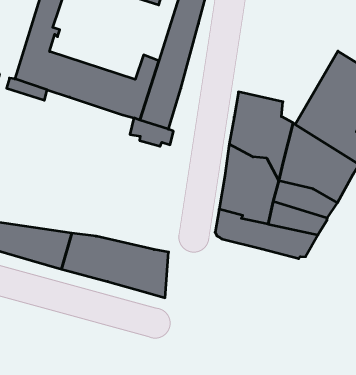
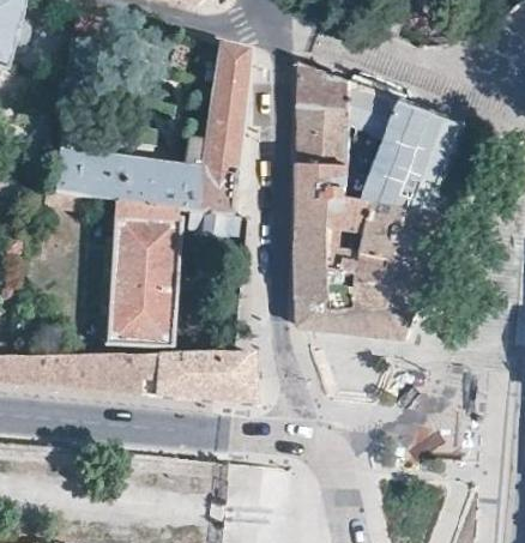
building: none -> [297,61,402,186]
building: none -> [103,199,177,343]

